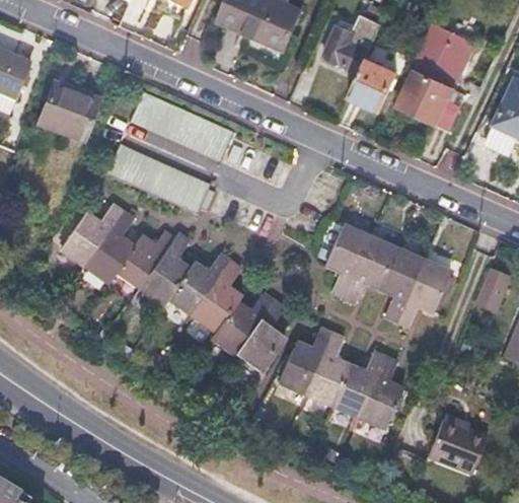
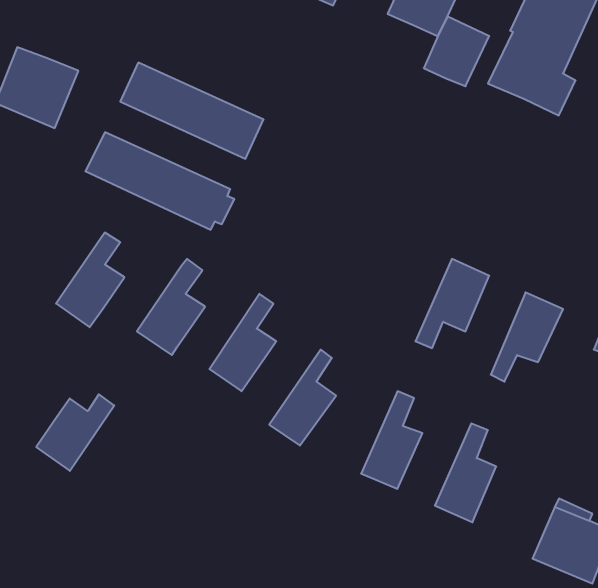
building: [60,209,118,268] -> none
building: [324,223,370,295] -> none
building: [117,232,173,288] -> [36,394,114,471]
building: [380,247,424,319] -> none
building: [170,255,230,315] -> none
building: [212,293,275,356] -> none
building: [278,327,330,391] -> none
building: [330,350,384,415] -> none

